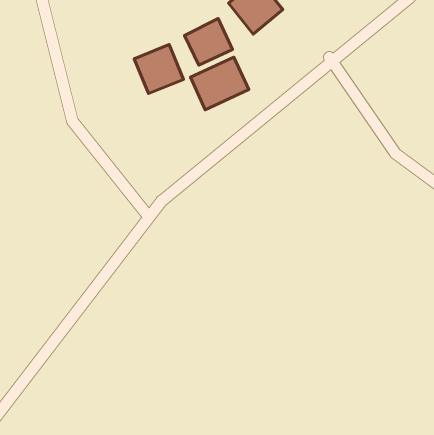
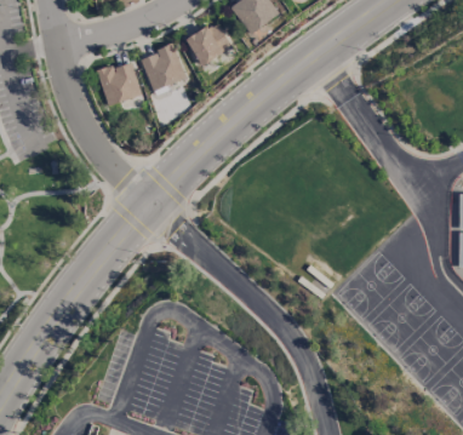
building: [190,57,249,110] -> none
building: none -> [97,61,143,105]

